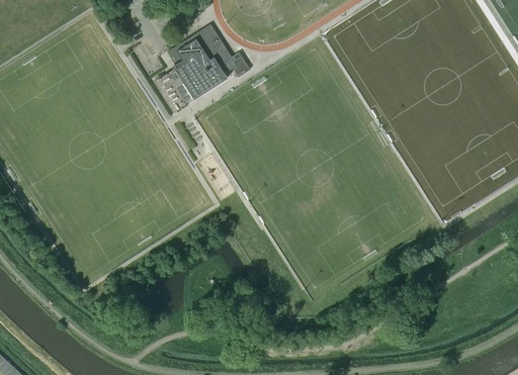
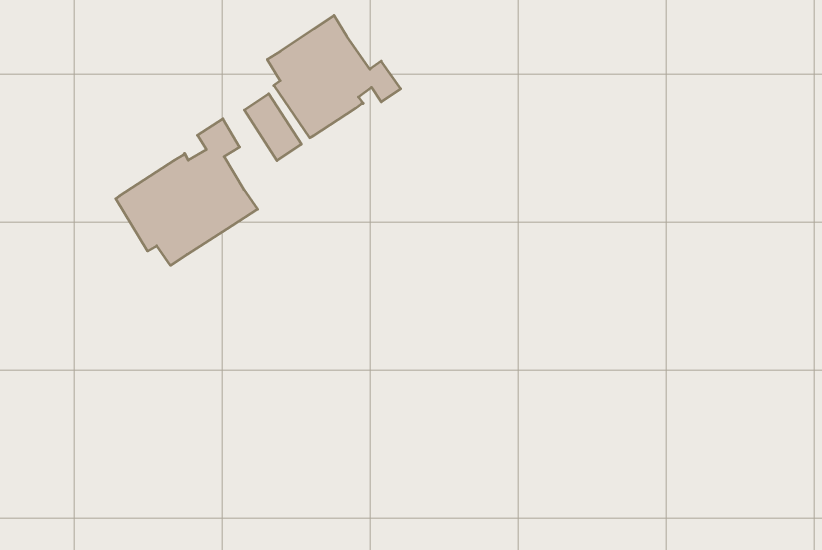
building: none -> [116,119,258,265]

